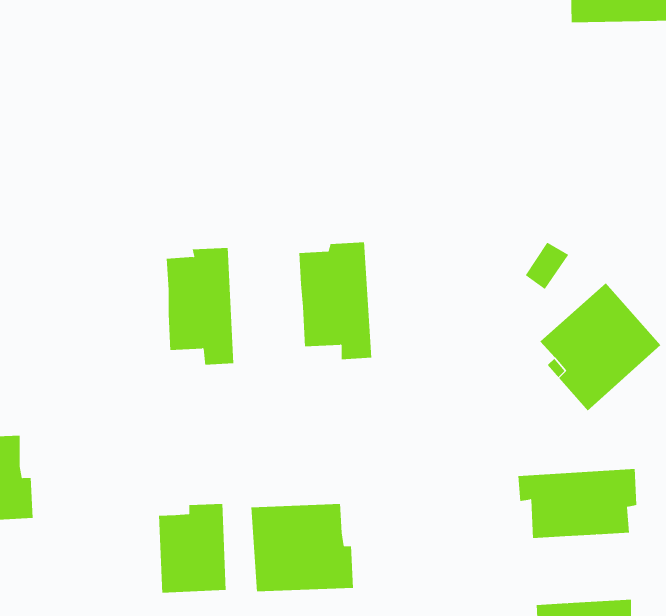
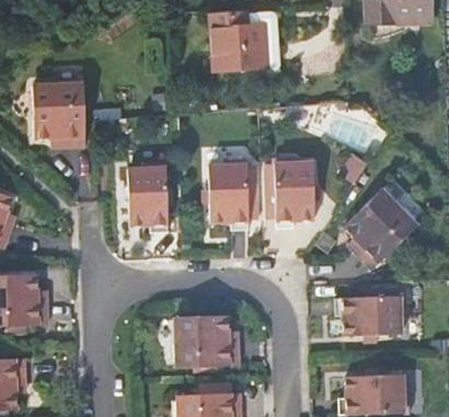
building: none -> [209,21,276,78]
building: none -> [32,83,84,143]
building: none -> [272,158,314,227]
building: [158,503,226,593] -> none

